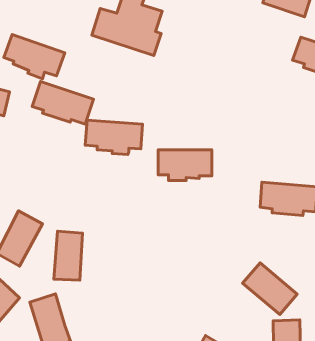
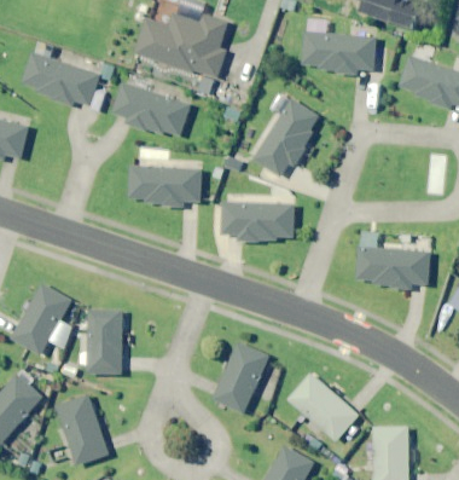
building: none -> [301,31,376,74]
building: none -> [251,99,318,179]
building: [32,82,93,124] -> [111,81,191,137]
building: none -> [211,342,269,414]
building: [243,263,297,314] -> [286,372,358,440]

